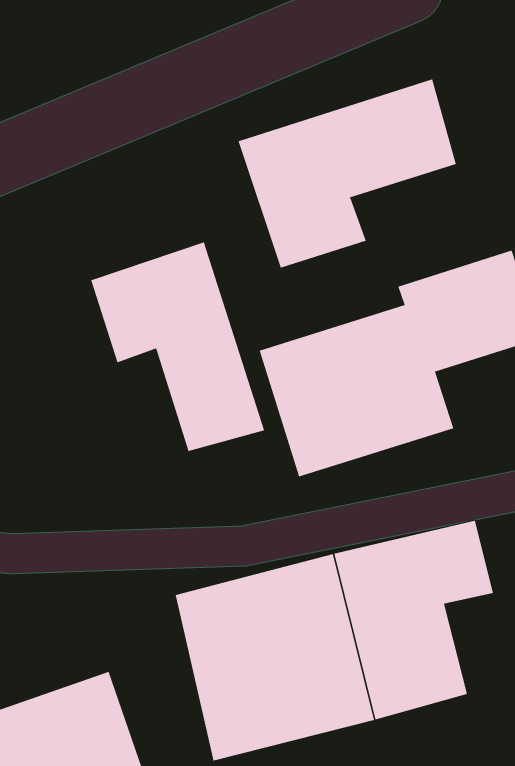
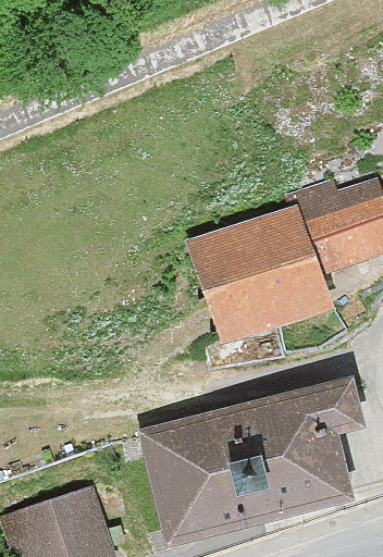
building: [238,79,456,269] -> none
building: [91,242,265,452] -> none

